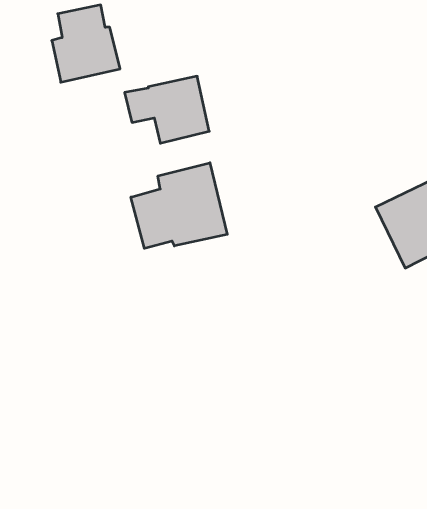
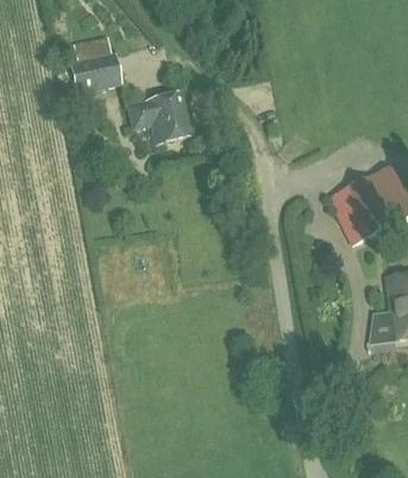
building: [131,163,227,248] -> none

